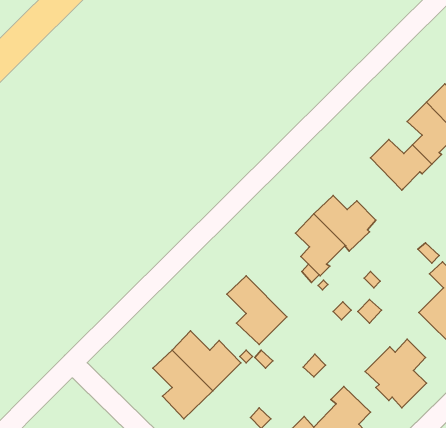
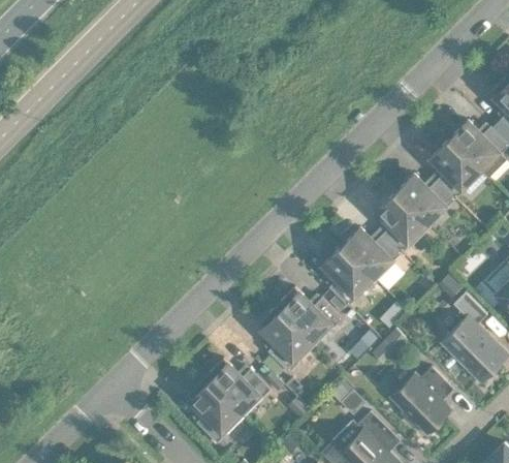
building: none -> [378,192,432,252]
building: none -> [277,287,343,345]

